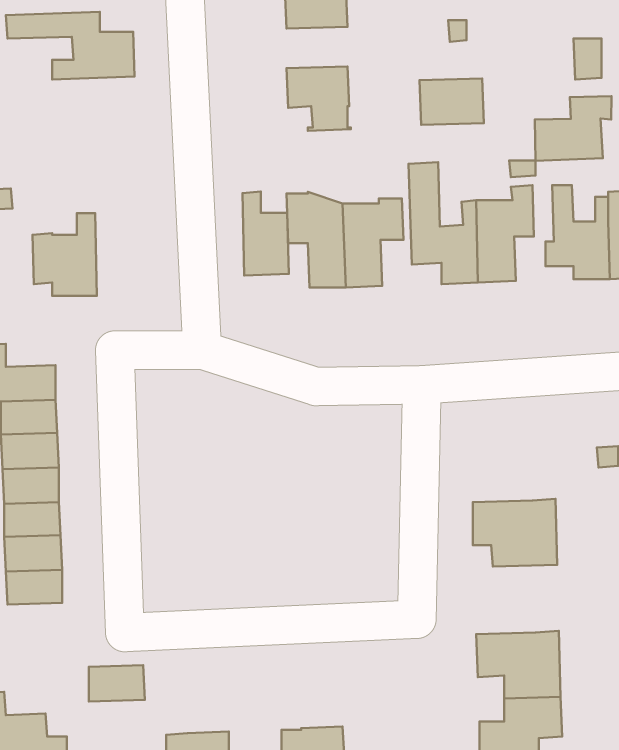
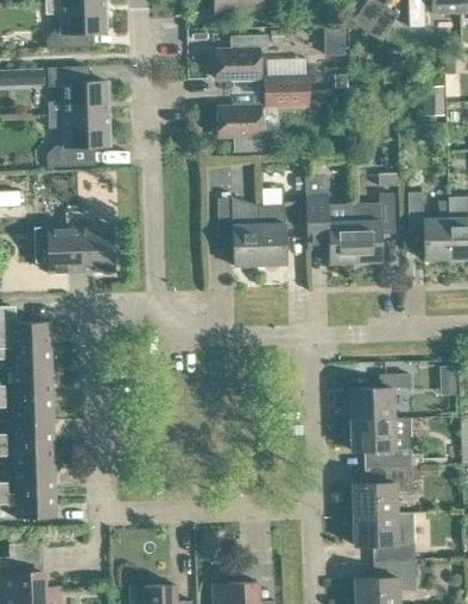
building: none -> [48,114,109,167]
building: [420,78,484,125] -> [264,75,310,108]
building: [535,96,611,161] -> none
building: [243,191,289,276] -> [80,211,113,272]
building: none -> [350,374,410,420]
building: none -> [353,465,439,515]
building: [89,665,145,701] -> [17,492,57,519]

